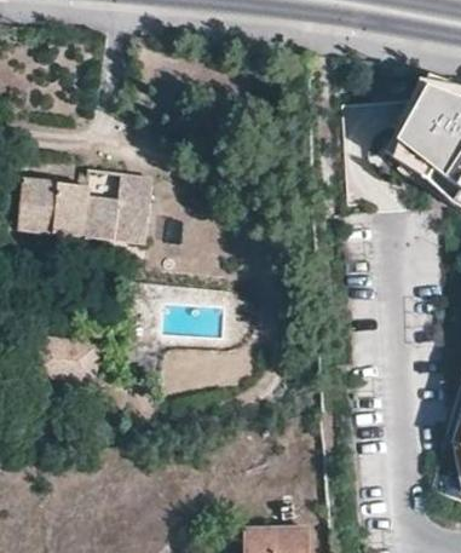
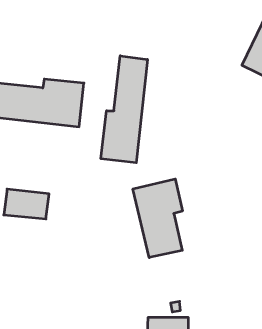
building: none -> [101,56,147,163]
building: none -> [133,179,182,258]

